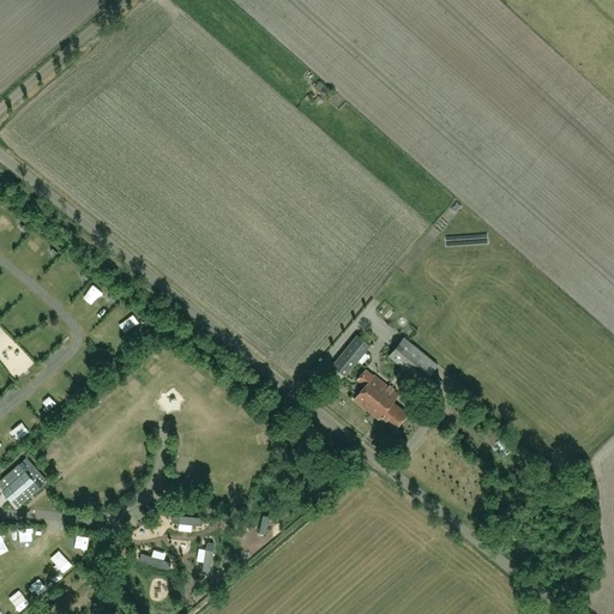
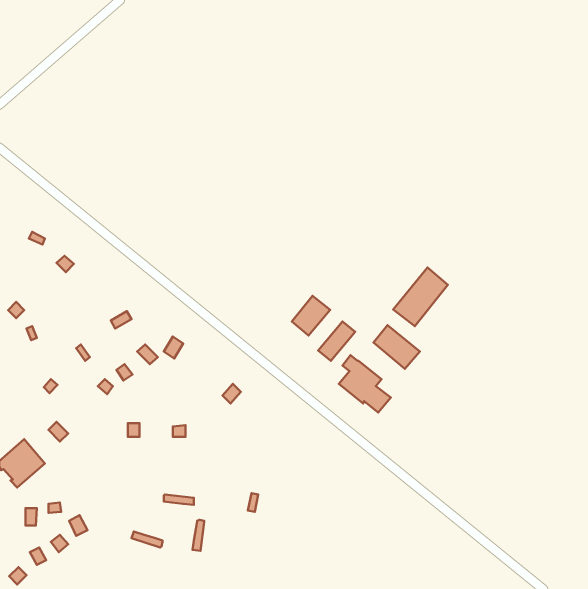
building: none -> [393,268,448,326]
building: none -> [292,296,330,336]

